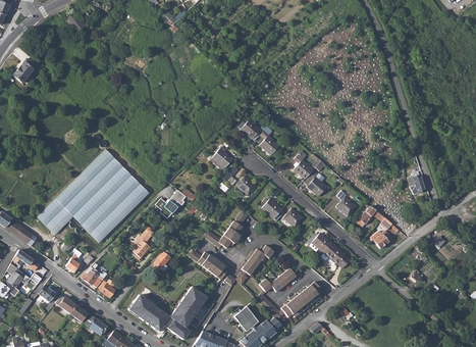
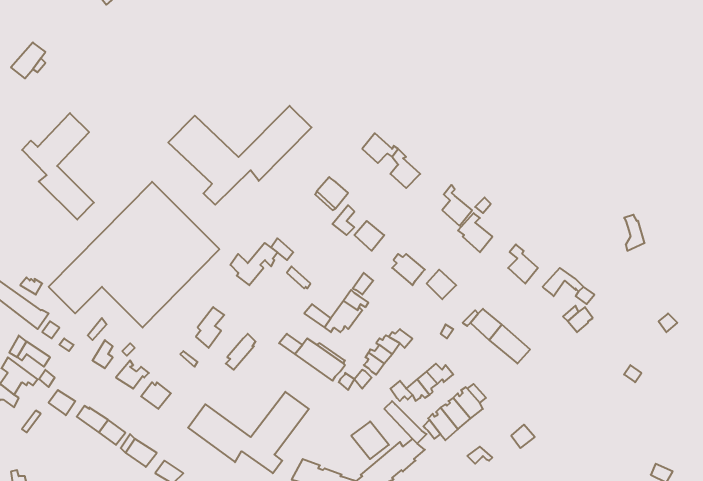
building: none -> [168,106,312,205]
building: none -> [22,113,94,220]

